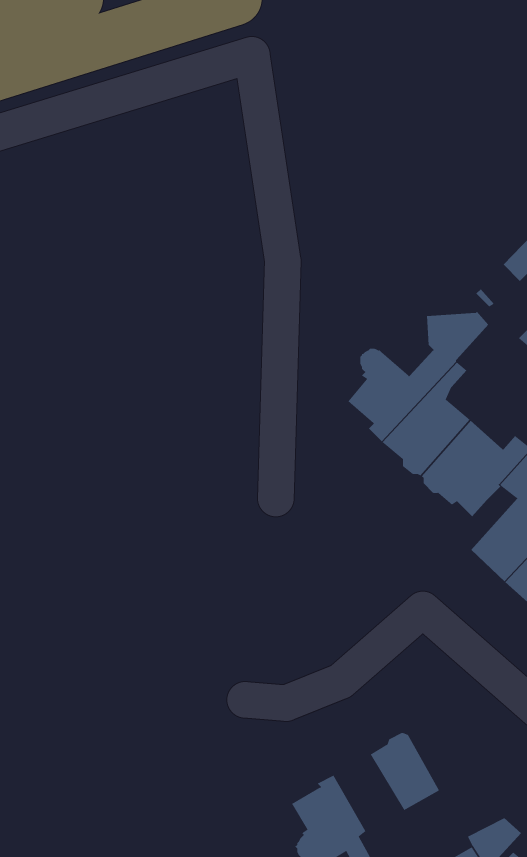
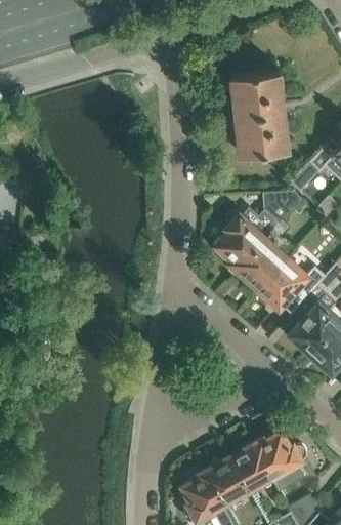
building: none -> [229,70,288,154]
building: none -> [251,432,305,492]
building: none -> [207,457,249,503]

